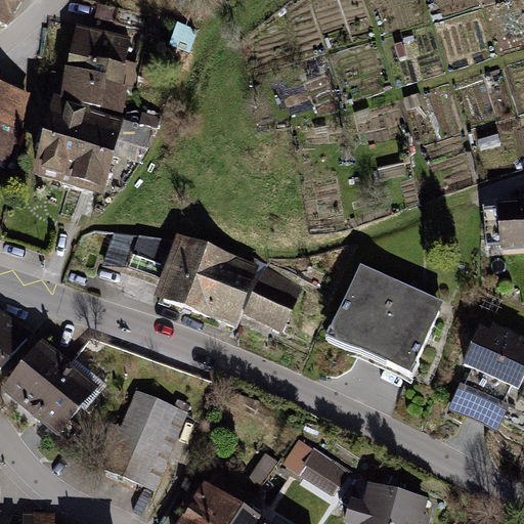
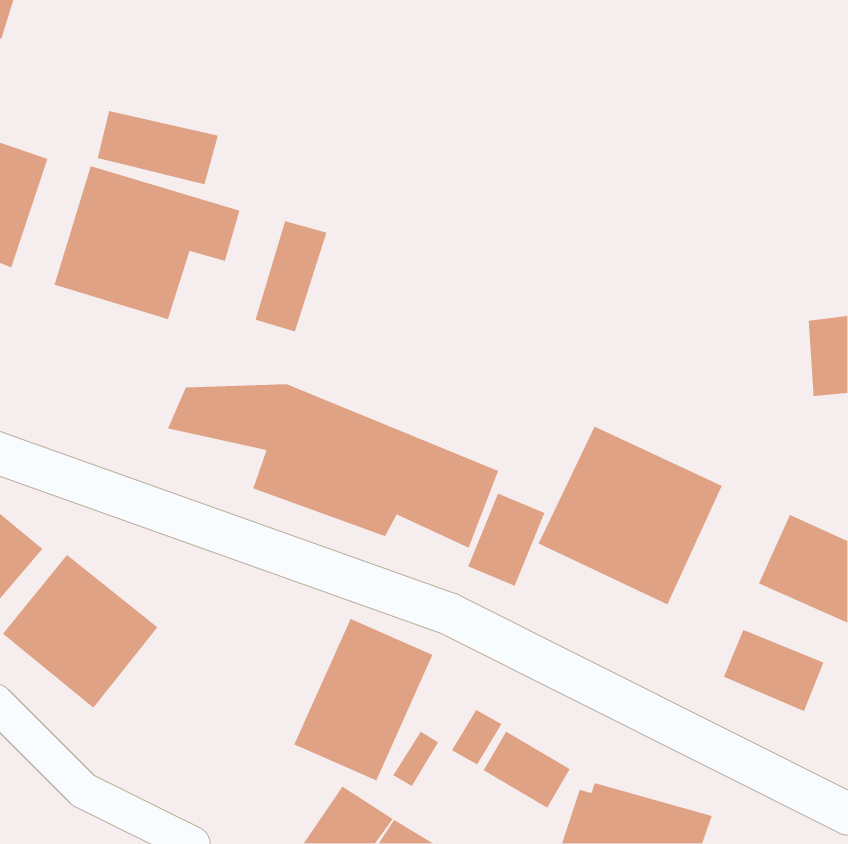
building: [67,25,137,83] -> none
building: none -> [254,220,327,333]
building: none -> [467,493,546,587]
building: [99,391,185,491] -> [293,618,434,781]

